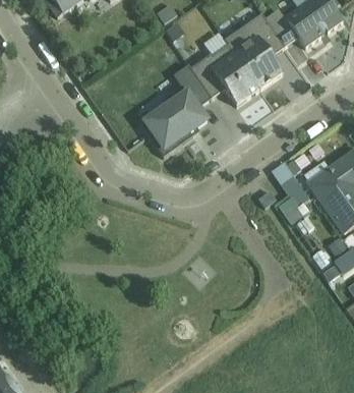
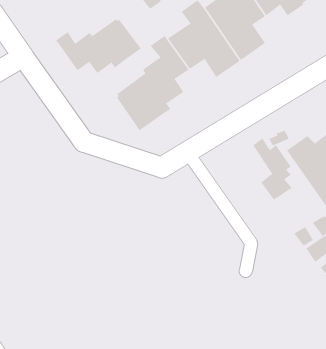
building: none -> [55,19,142,74]

